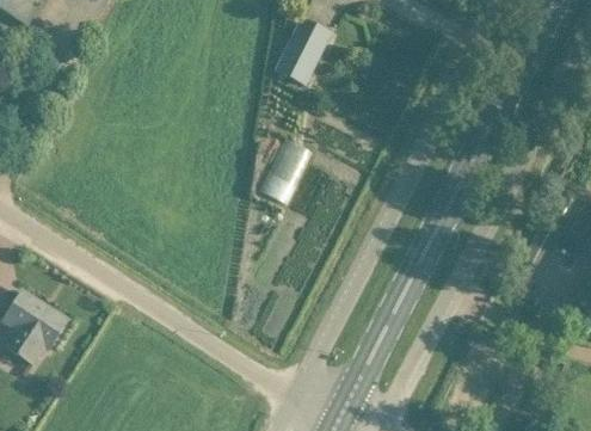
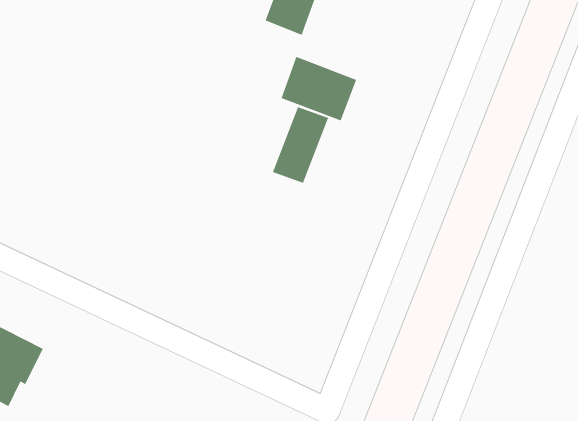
building: none -> [280,56,357,121]

